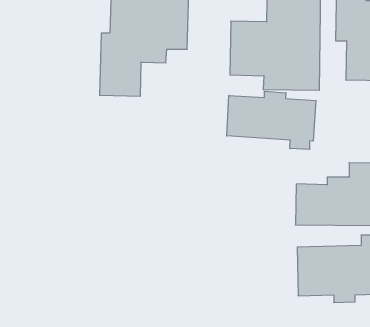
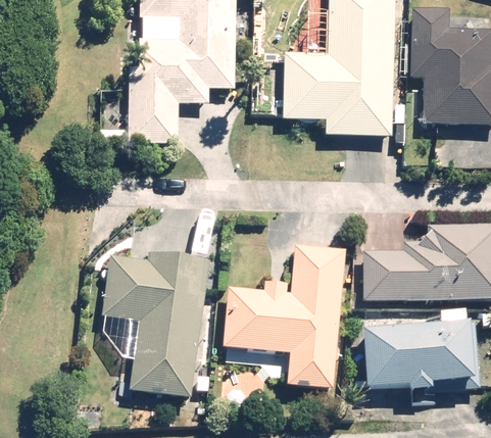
building: [227,91,316,149] -> none
building: none -> [223,246,343,390]
building: none -> [106,251,207,400]

